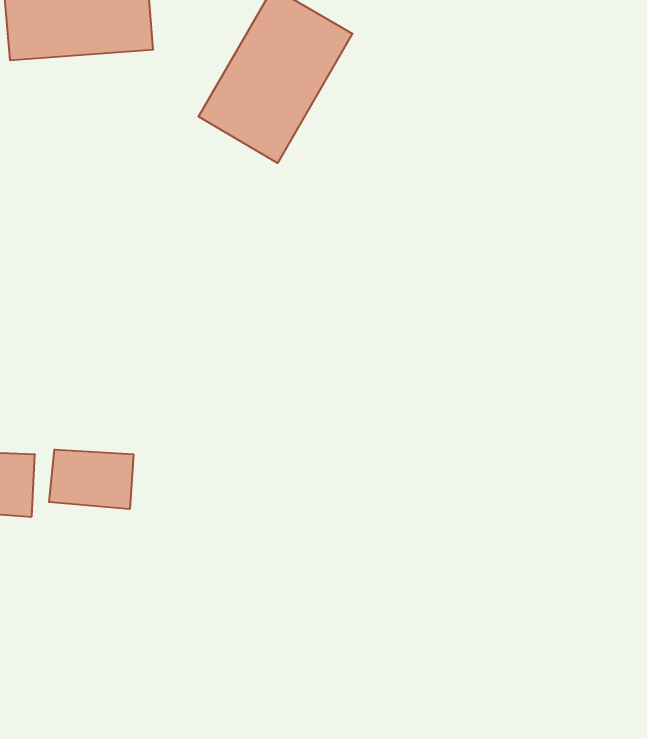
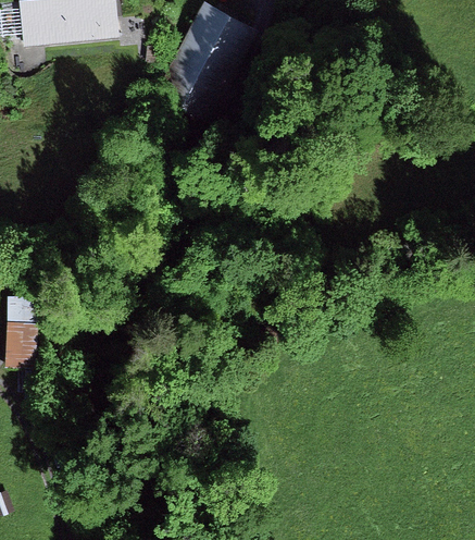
building: [49,449,133,509] -> none

